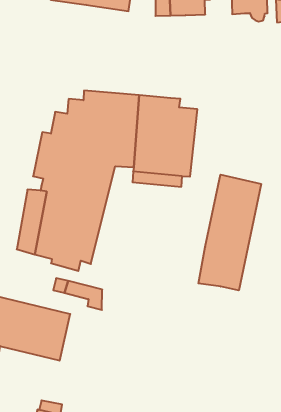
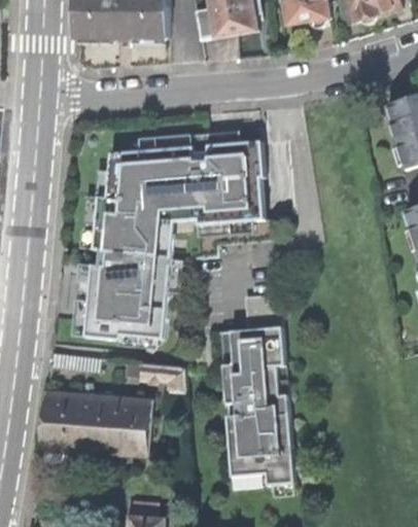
building: [198,175,261,290] -> none
building: none -> [223,325,298,488]

